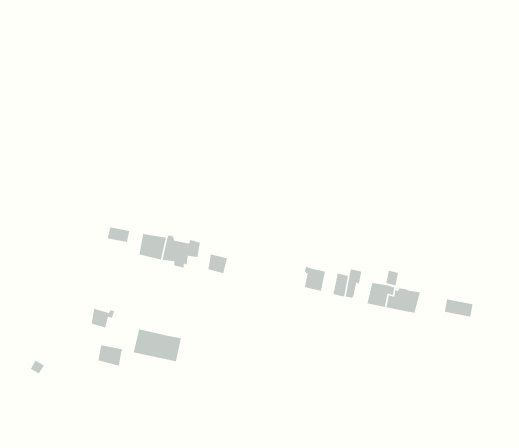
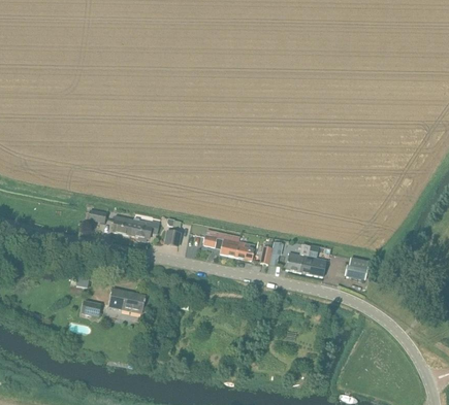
building: none -> [202,233,239,256]

